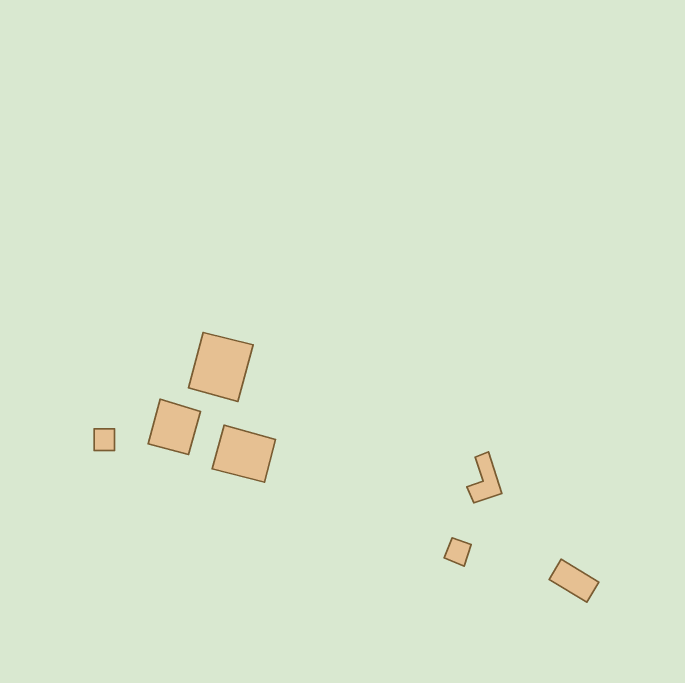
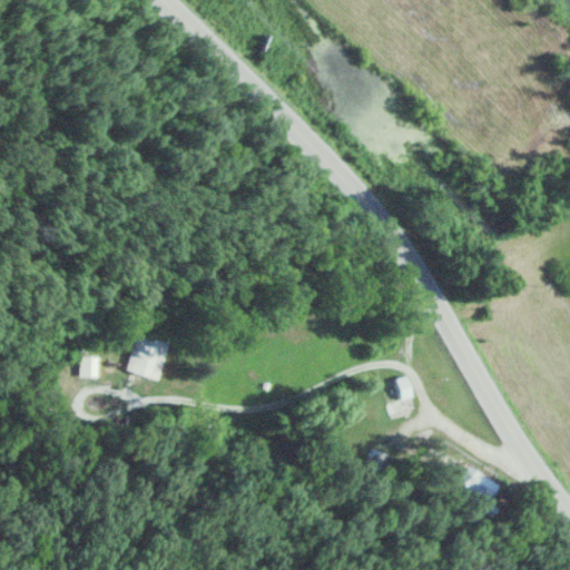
building: [189,333,253,401] -> none
building: [212,425,276,482] -> none

